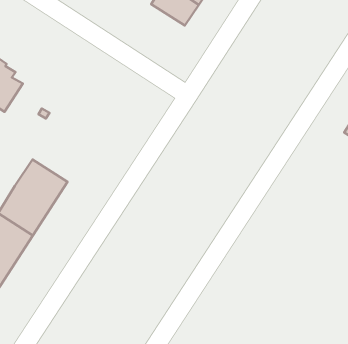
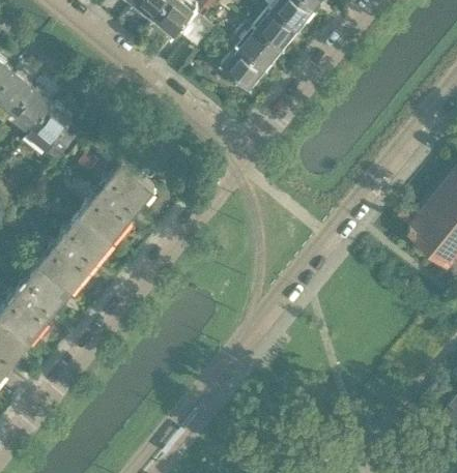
building: none -> [80,159,154,238]

